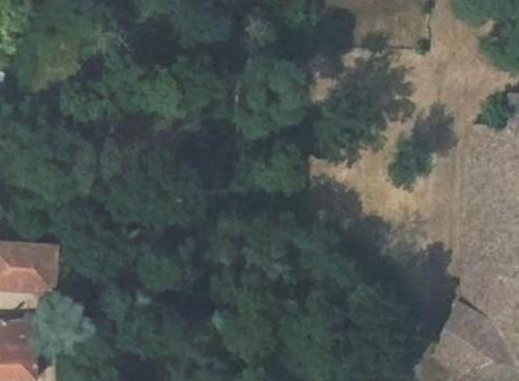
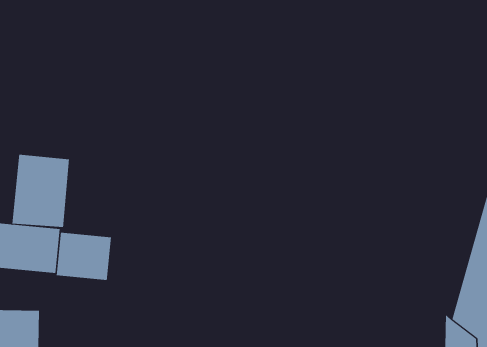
building: none -> [12,154,69,228]
building: none -> [56,232,111,281]

